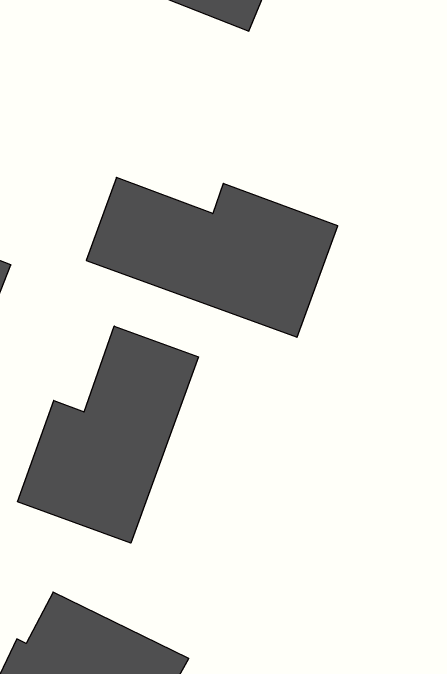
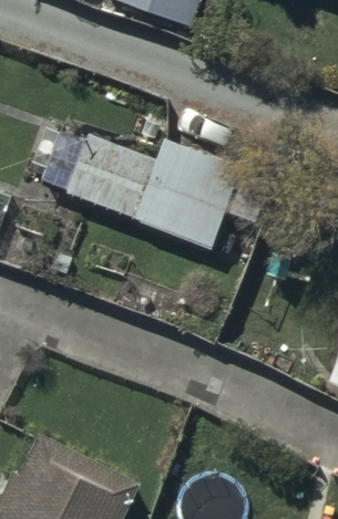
building: [17,326,198,543] -> none

